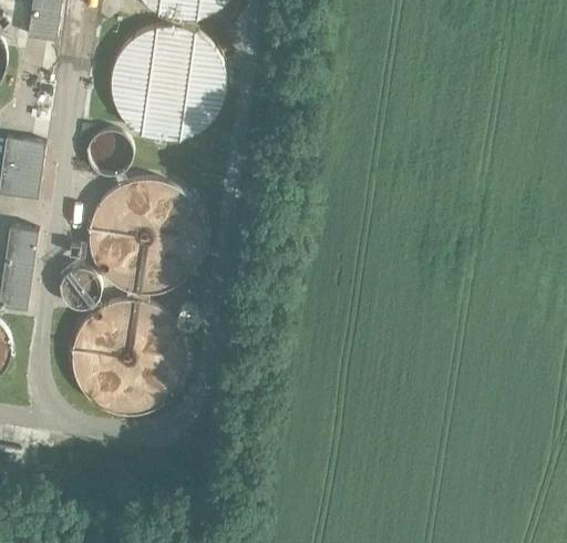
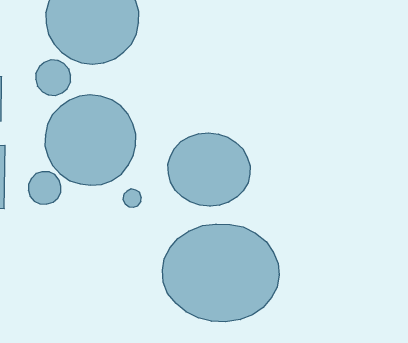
building: none -> [168,133,250,206]
building: [70,298,184,412] -> none
building: none -> [162,224,279,322]

